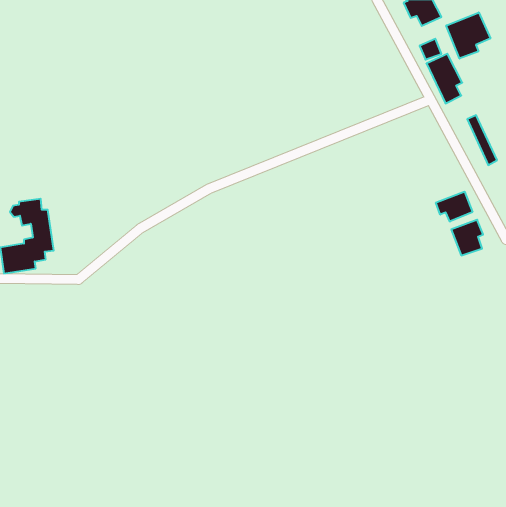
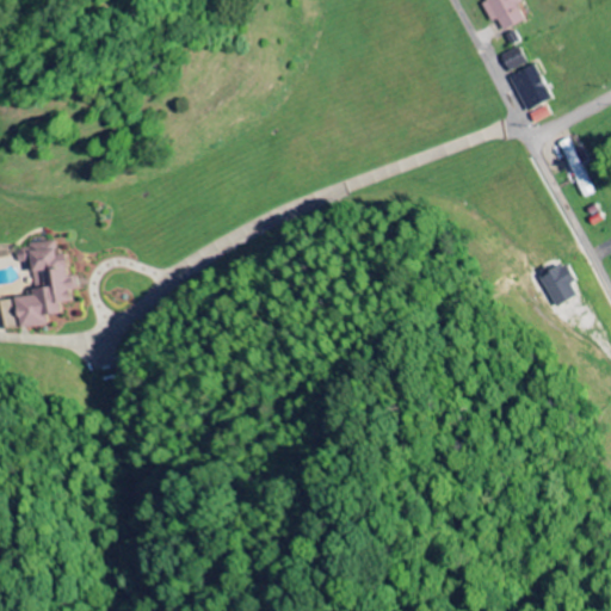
building: [446,12,490,59] -> none
building: [436,192,472,222] -> none

